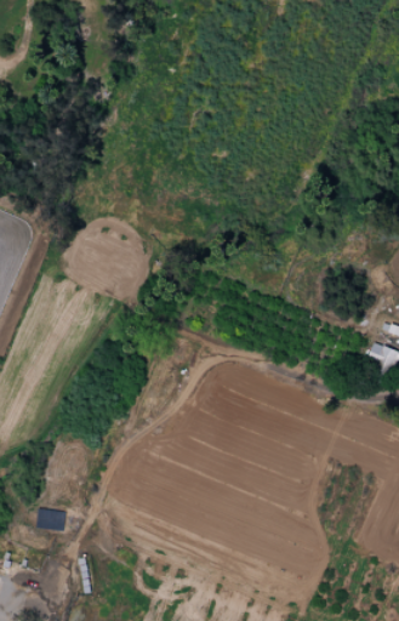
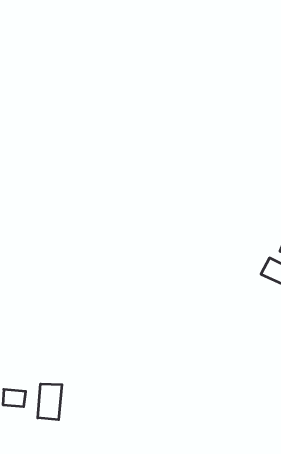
building: none -> [38,384,62,420]

